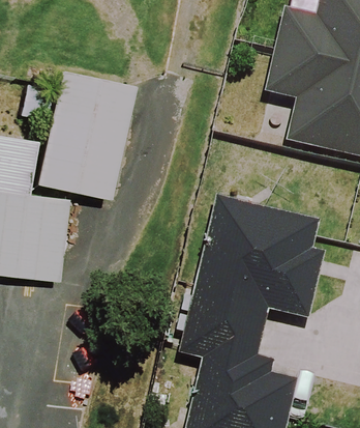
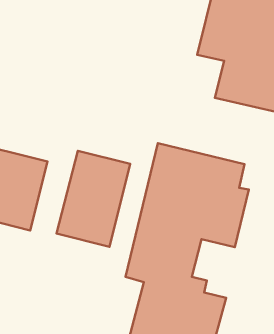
building: [40,72,139,203] -> none
building: none -> [57,151,130,247]

